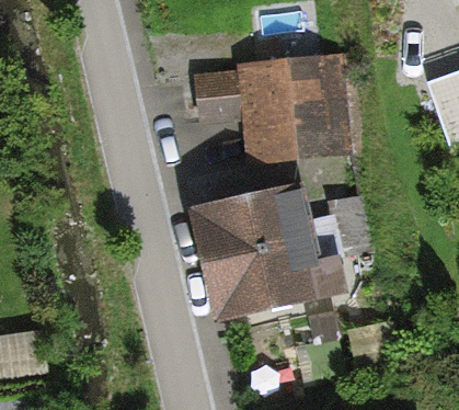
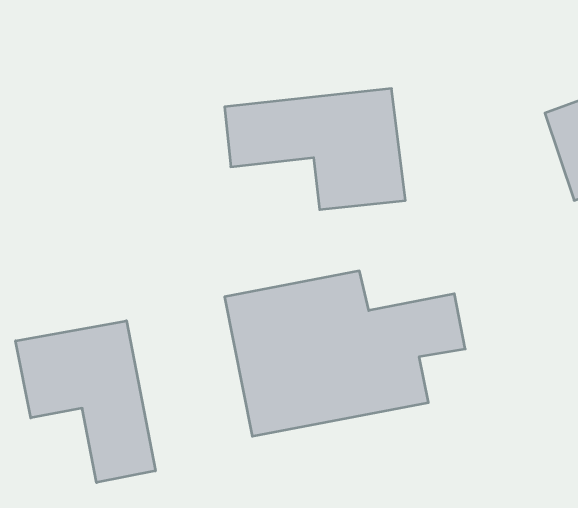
building: none -> [16,321,155,483]

